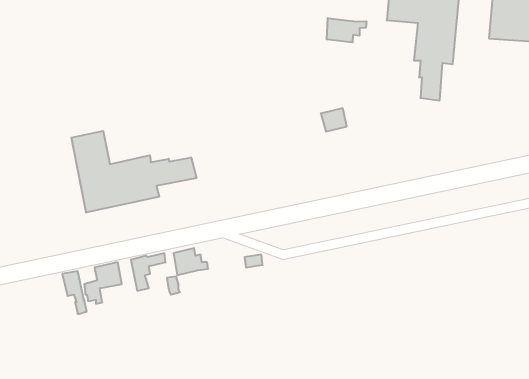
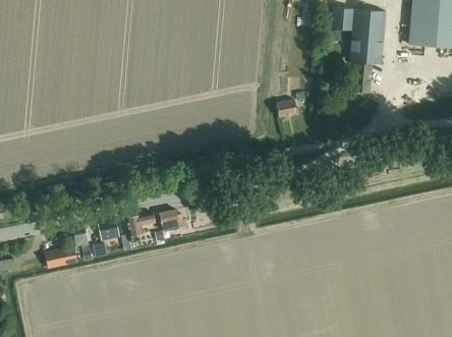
building: [327,18,366,42] -> none
building: [71,131,196,213] -> none
building: none -> [45,246,77,268]

